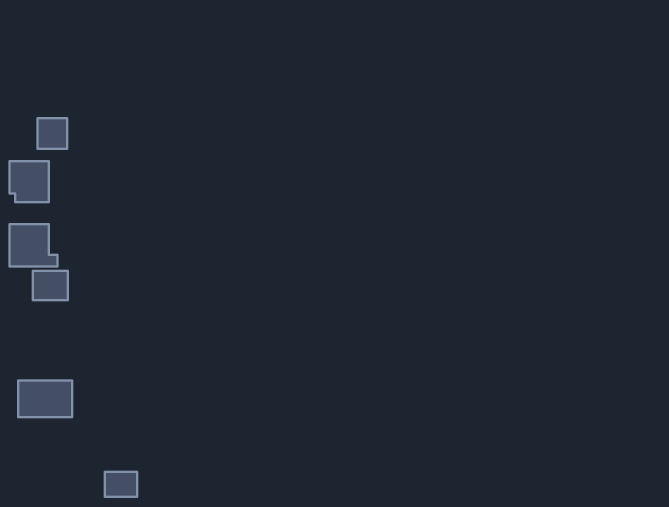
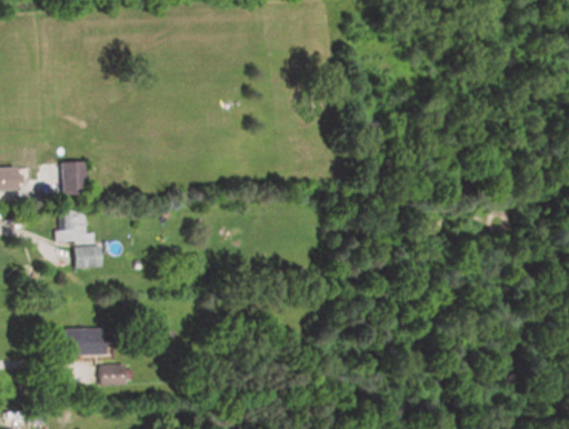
building: [37,118,67,149] -> none
building: [105,472,137,497] -> [101,366,126,385]

